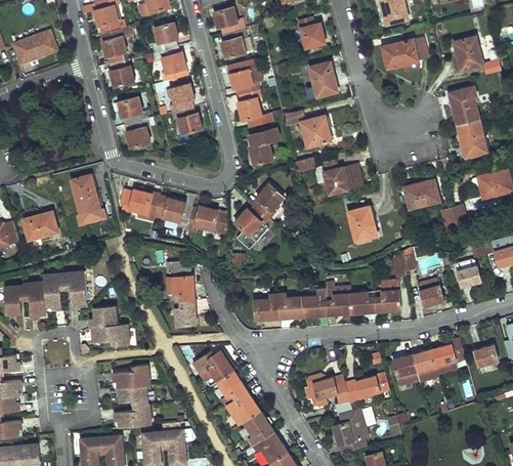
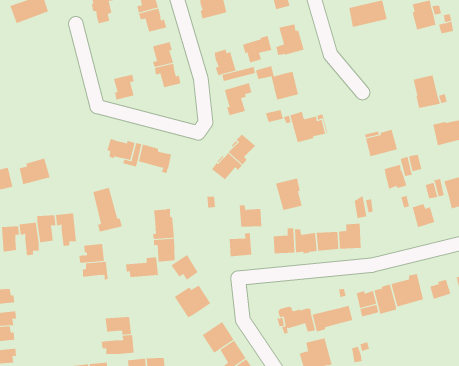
building: [111,60,135,87] -> none
building: [229,65,262,95] -> [242,35,272,63]
building: [446,87,478,125] -> none
building: [118,96,148,124] -> none
building: [72,175,104,224] -> [93,187,122,232]
building: [347,206,377,242] -> [275,178,302,210]
building: [188,207,228,234] -> none
building: [418,278,443,305] -> [384,164,407,189]
building: [277,293,303,317] -> [239,205,262,227]
building: [113,365,149,387] -> [125,257,159,277]
building: [216,371,247,399] -> [171,254,199,280]

